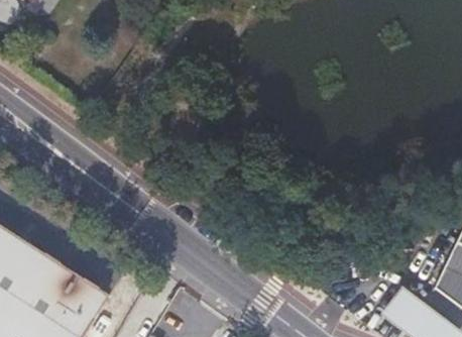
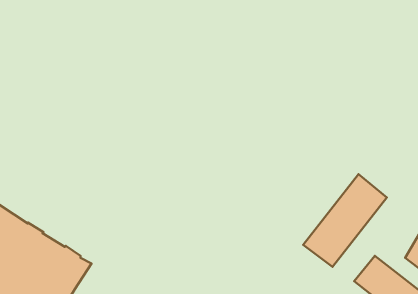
building: none -> [303,174,387,267]

